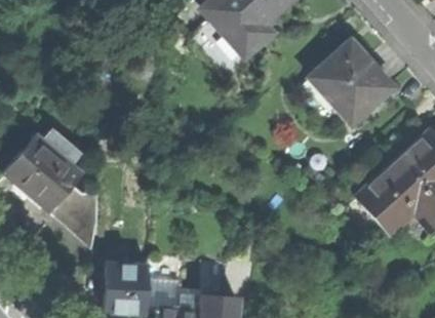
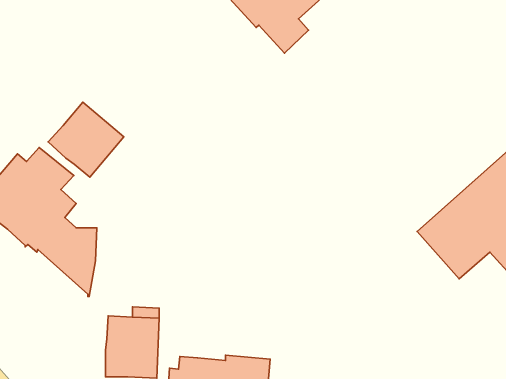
building: [309,39,393,123] -> none
building: none -> [48,102,124,177]

